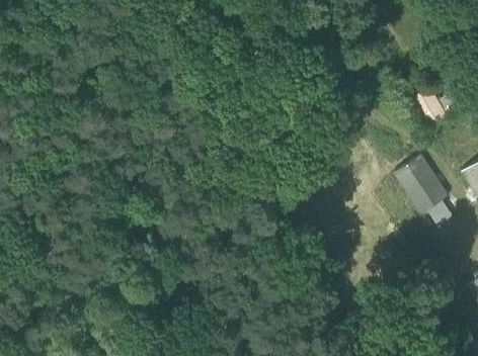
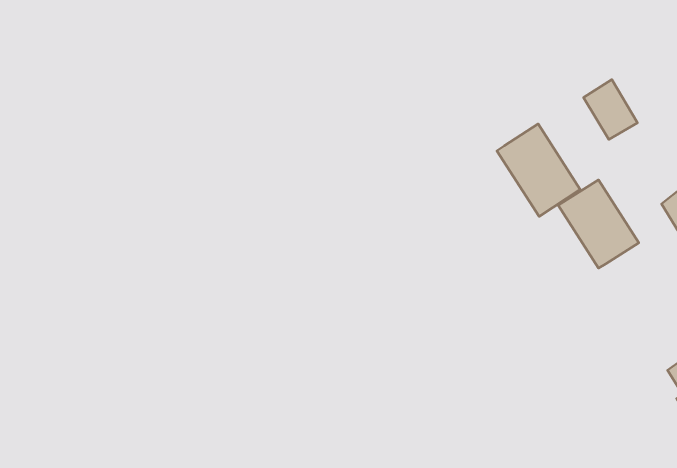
building: none -> [497,124,580,217]

